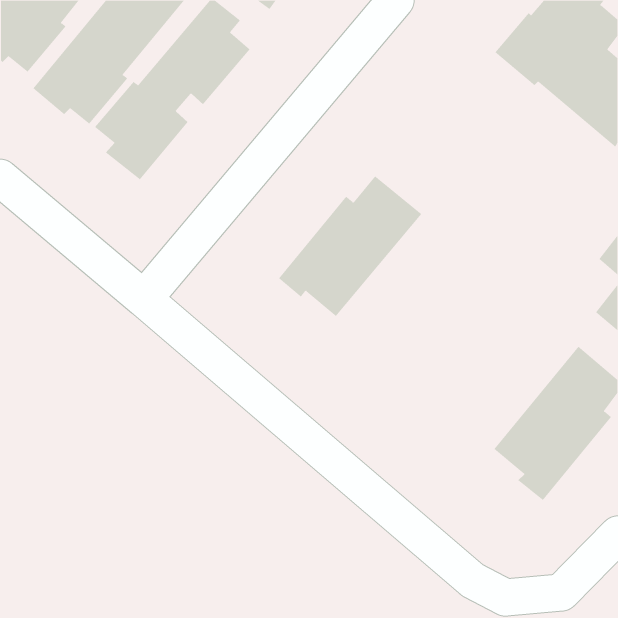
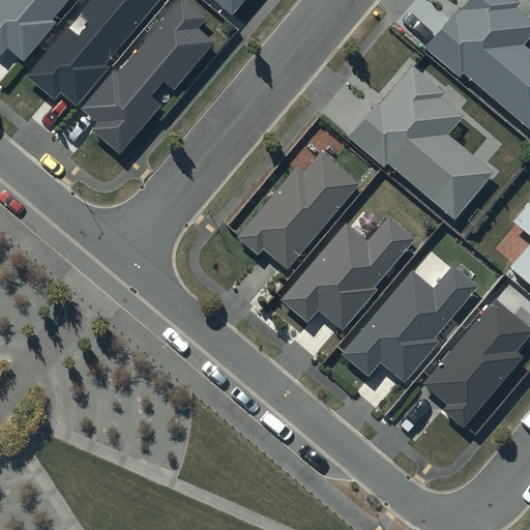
building: none -> [345,64,490,215]
building: none -> [279,215,415,331]
building: none -> [342,264,478,382]

